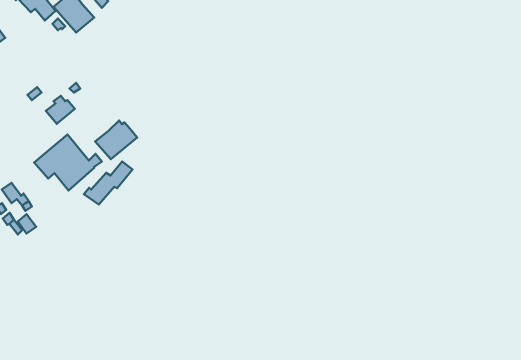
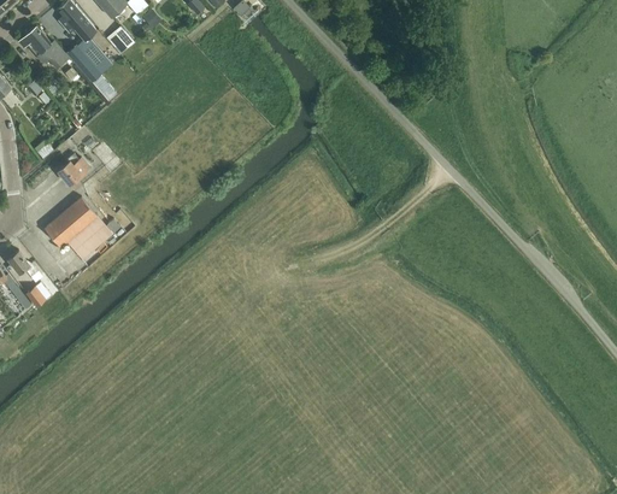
building: [95,120,137,159] -> none
building: [84,162,133,204] -> none

